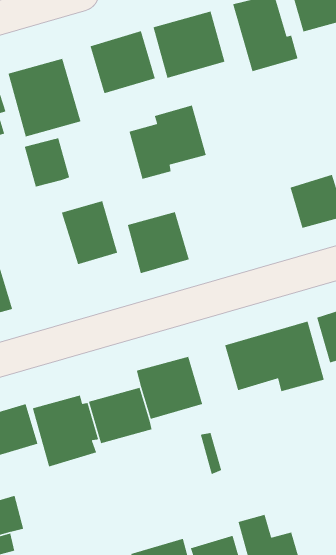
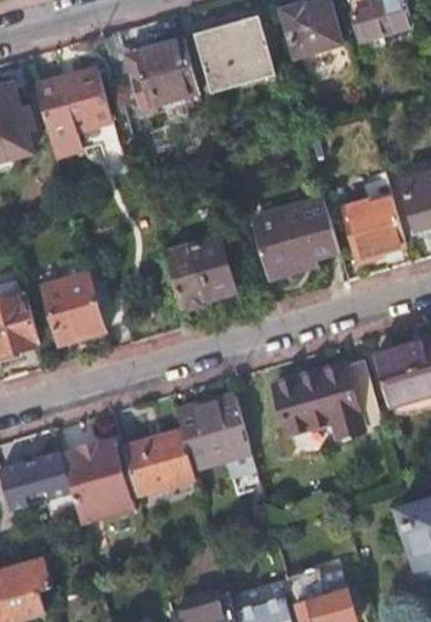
building: [128,105,207,180] -> [253,197,339,279]
building: [24,137,70,187] -> none
building: [61,200,118,265] -> [42,273,106,345]

